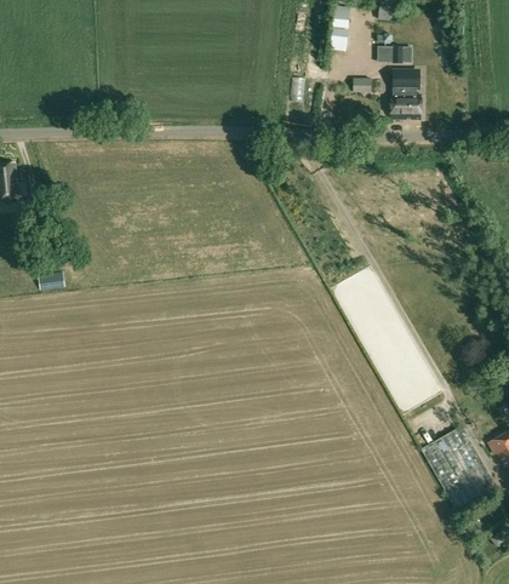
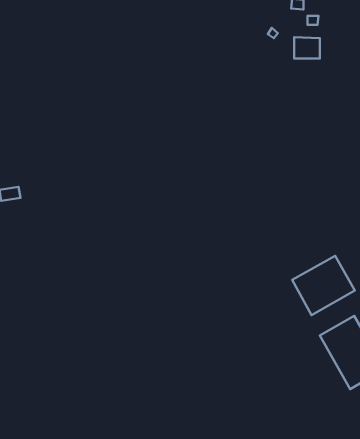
building: none -> [292,256,355,315]

